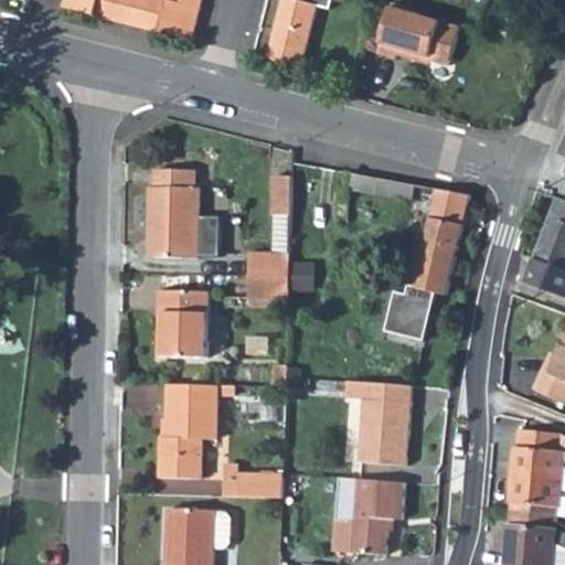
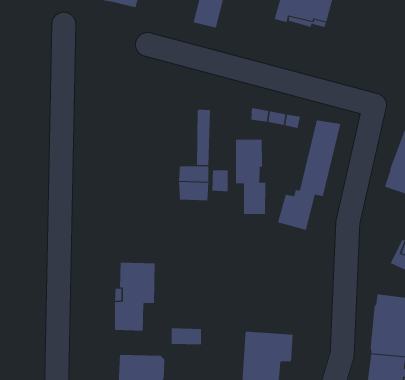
building: [148,171,215,258] -> none
building: none -> [235,139,266,215]
building: [157,290,207,358] -> none
building: [347,382,411,467] -> none

